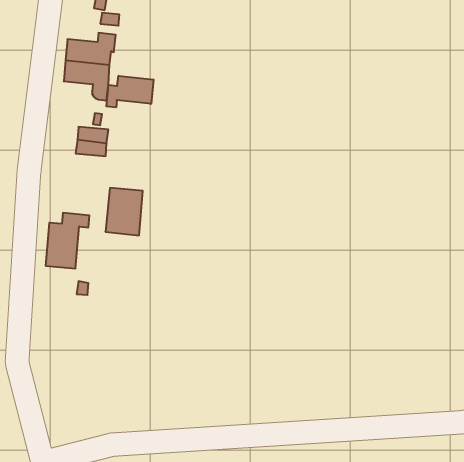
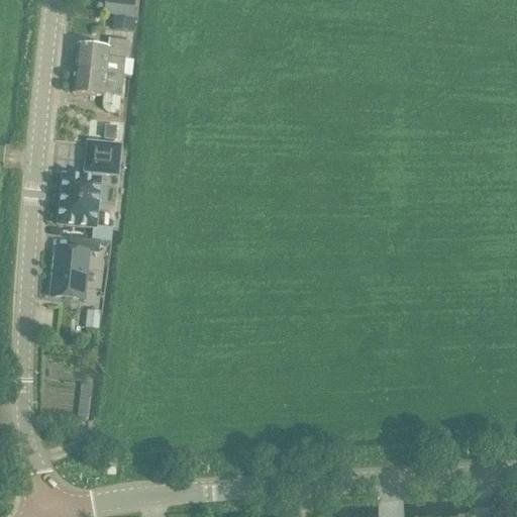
building: [106,76,154,107] -> none
building: [105,188,143,235] -> [60,174,101,226]

